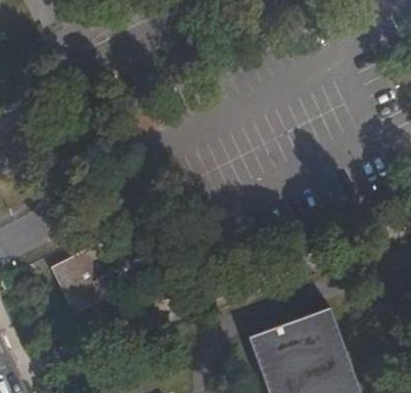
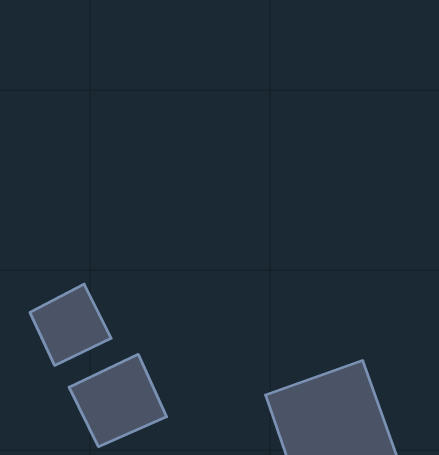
building: none -> [69,354,167,447]

